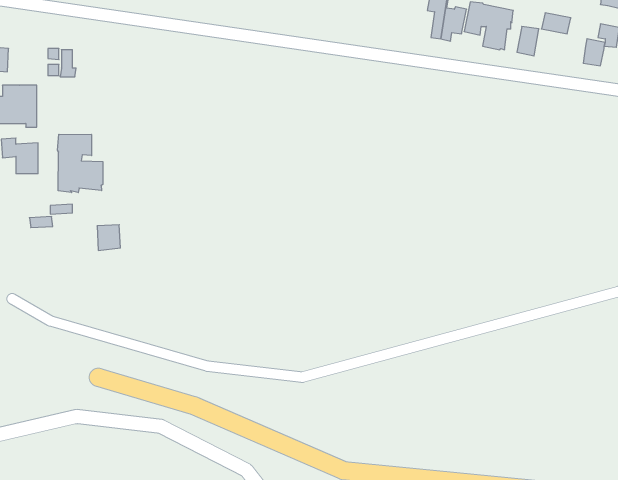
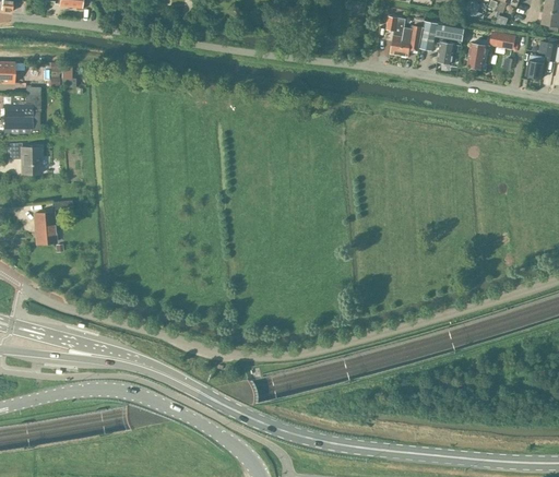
building: [57,134,103,193] -> none
building: [97,225,120,250] -> [35,220,56,243]

